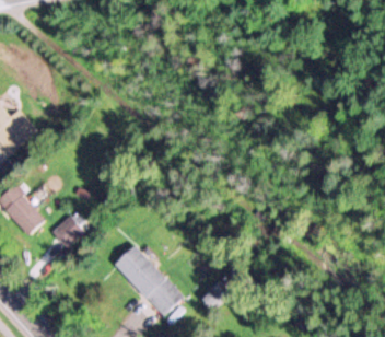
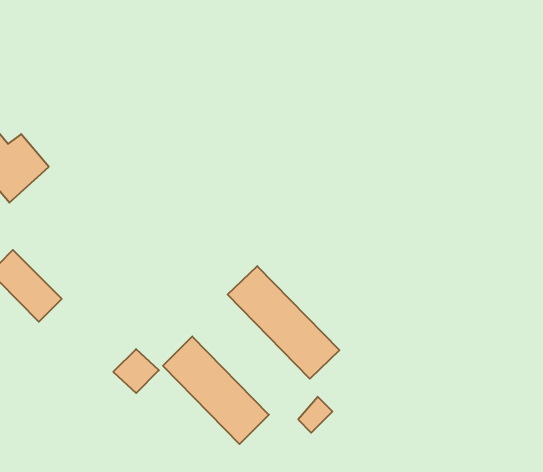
building: none -> [228,266,339,379]
building: [54,216,84,245] -> [113,349,159,393]

